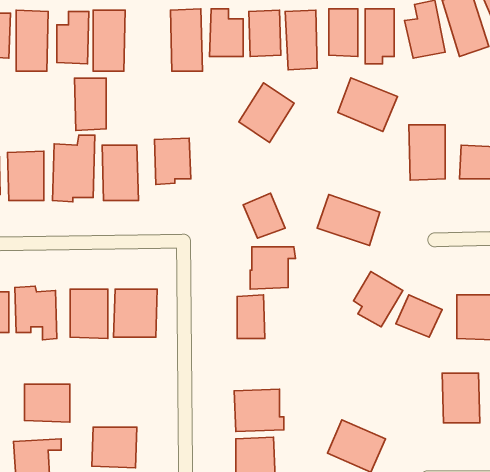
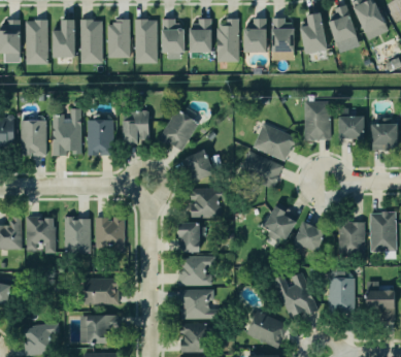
building: [338,78,397,131] -> [254,123,296,161]
building: [74,78,106,130] -> [107,21,130,58]
building: [239,83,294,142] -> [160,108,199,151]
building: none -> [178,256,211,285]
building: none -> [274,272,318,321]
building: [25,384,70,422] -> [87,278,119,304]

